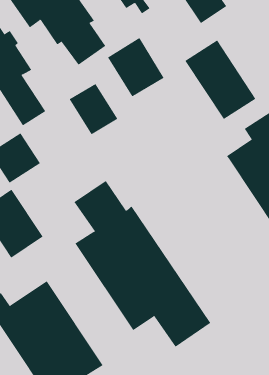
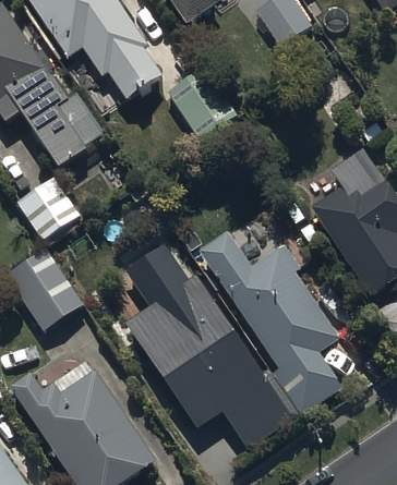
building: [185,39,256,120] -> none
building: [69,83,118,135] -> none
building: none -> [196,228,342,411]

